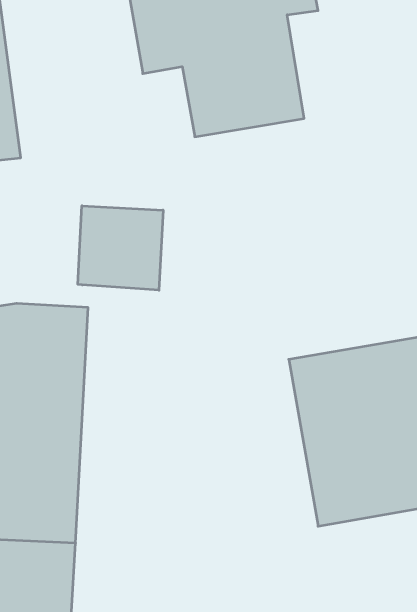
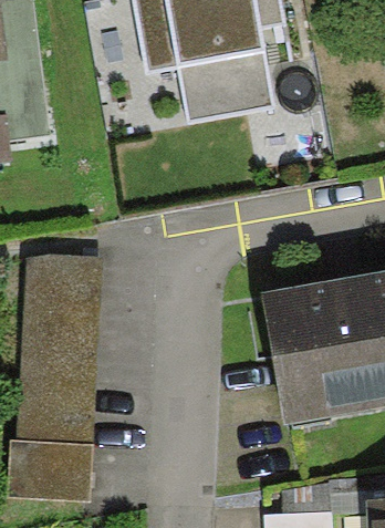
building: [78,206,163,290] -> none

